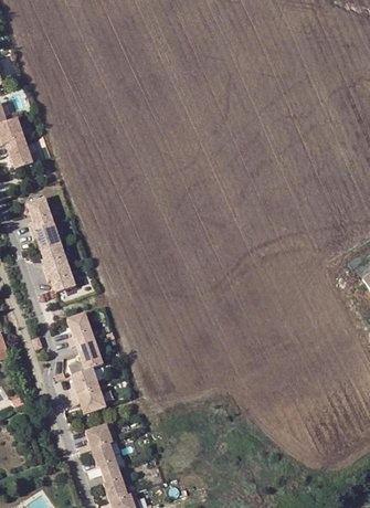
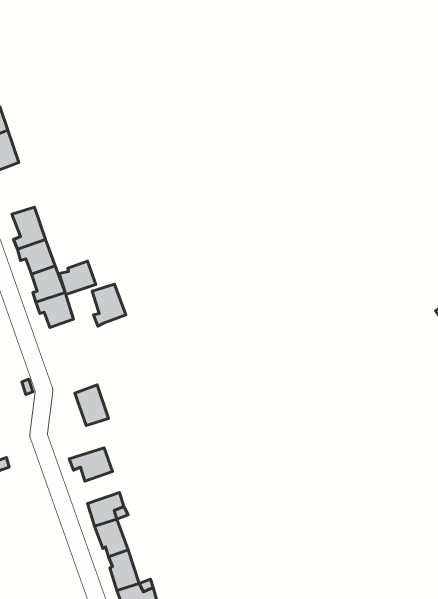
building: none -> [59,261,96,294]
building: [66,314,93,347] -> [92,284,126,326]
building: [68,368,98,396] -> none

